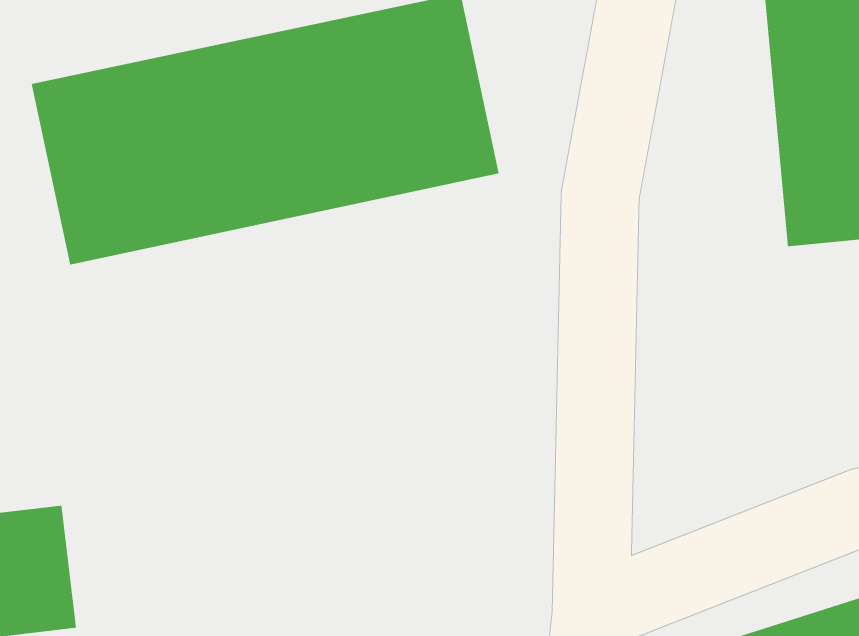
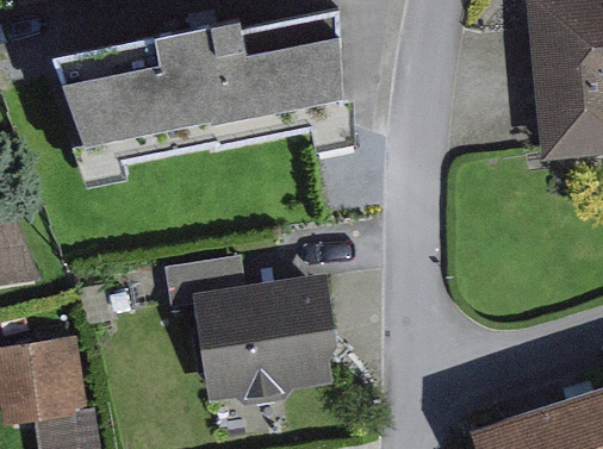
building: none -> [194,274,331,397]

